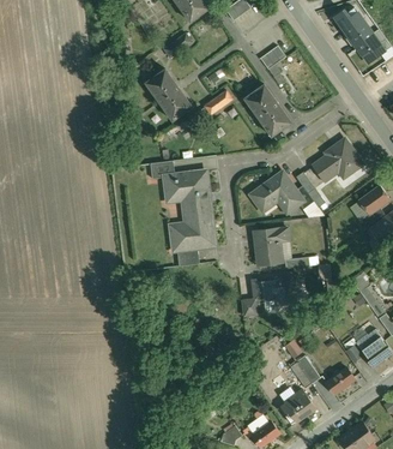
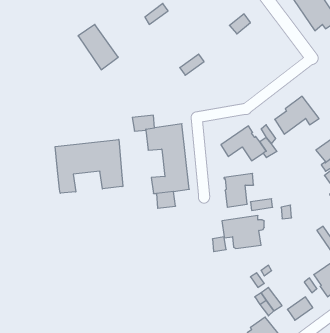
building: [146,71,192,122] -> [78,24,118,70]
building: [246,84,292,137] -> none
building: none -> [55,139,123,193]

